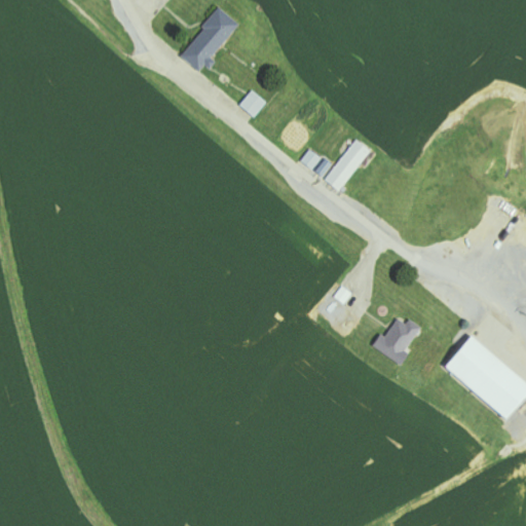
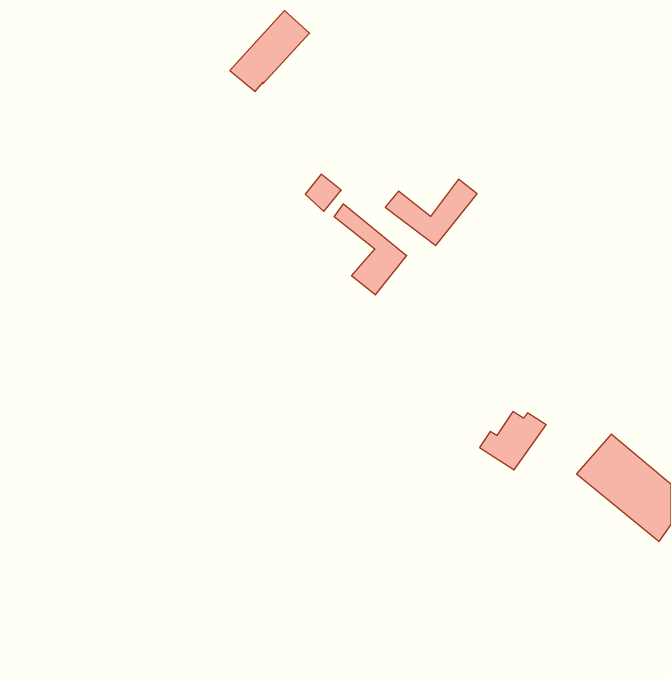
building: [237,89,265,118] -> [305,174,341,211]
building: none -> [334,204,407,295]

